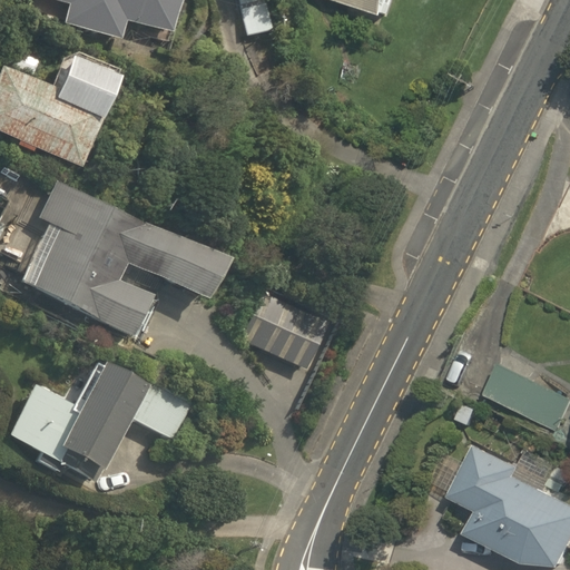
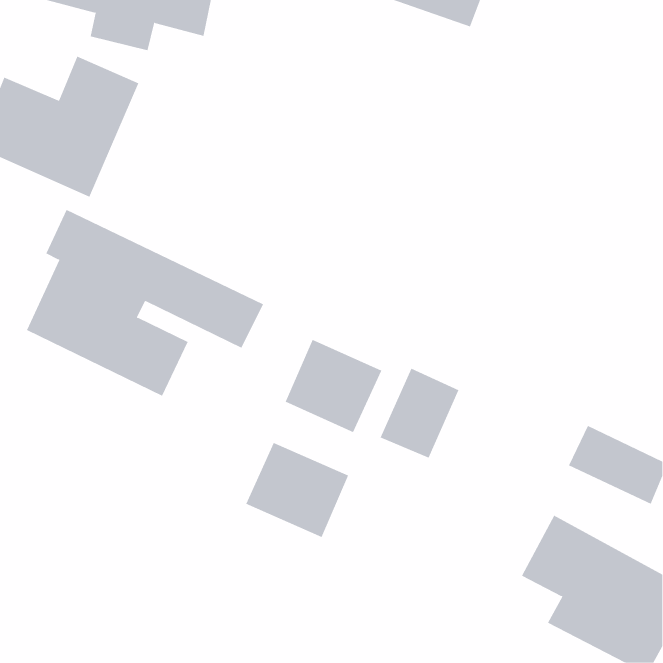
building: none -> [380,368,459,459]
building: [7,355,190,483] -> none
building: none -> [246,442,349,538]

